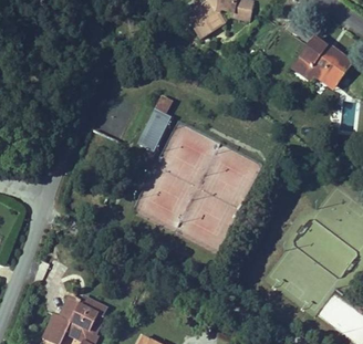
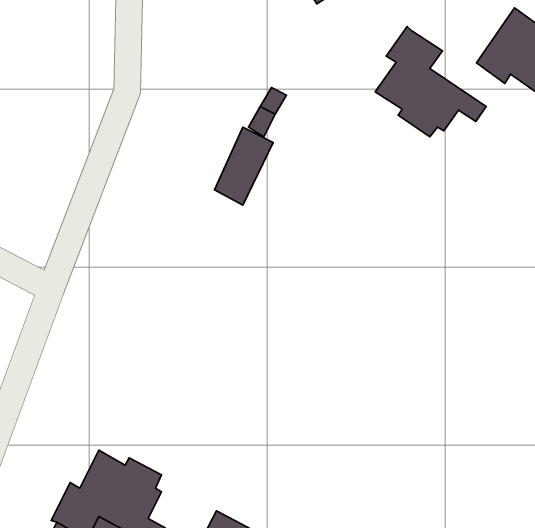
building: none -> [375,27,486,137]

